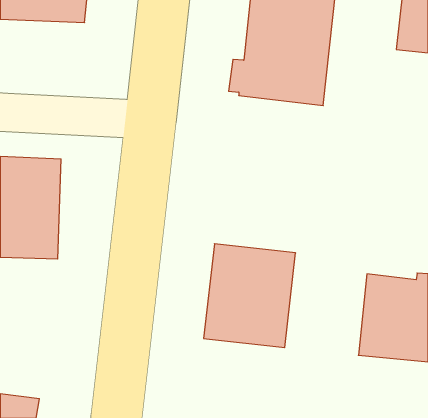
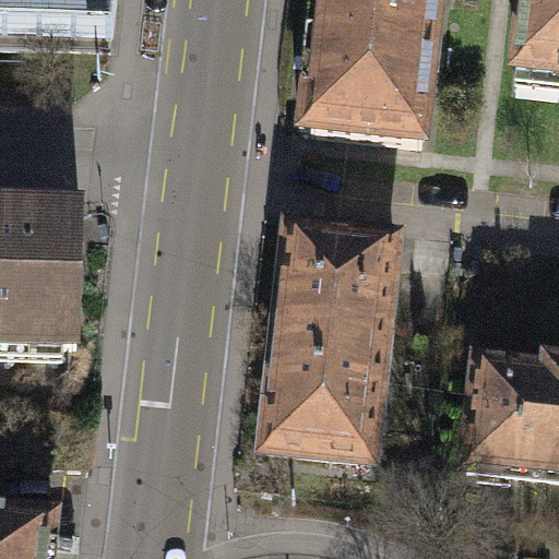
building: none -> [280,225,396,330]

